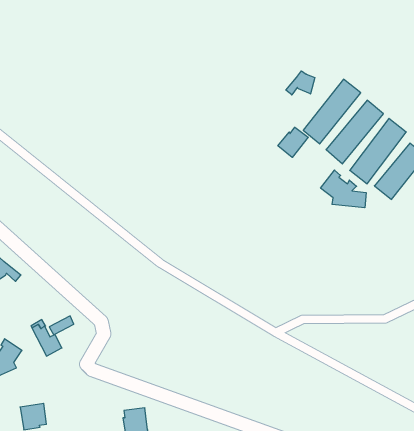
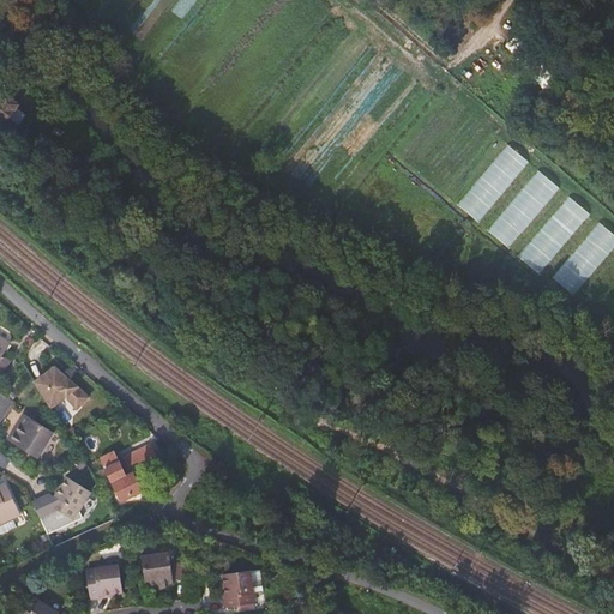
building: [286,71,315,95] -> none
building: [278,127,308,157] -> none
building: [321,170,366,208] -> none
building: none -> [140,550,182,589]

